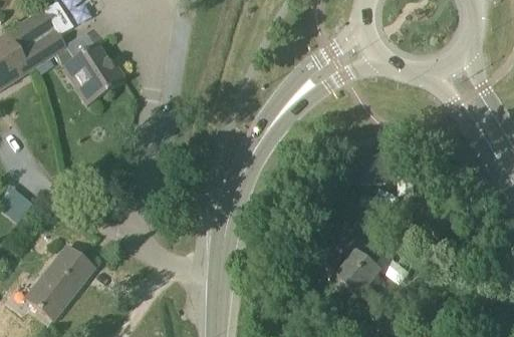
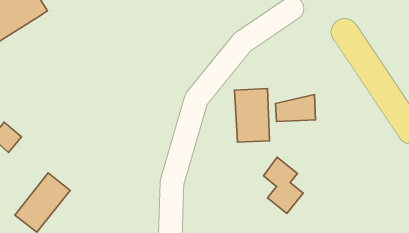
building: [53,42,124,104] -> none
building: none -> [235,88,270,142]

